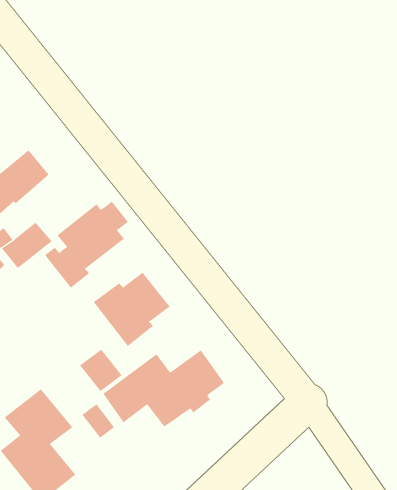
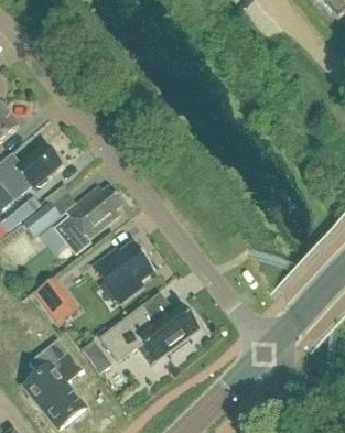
building: [79,349,122,392] -> [35,279,69,313]

